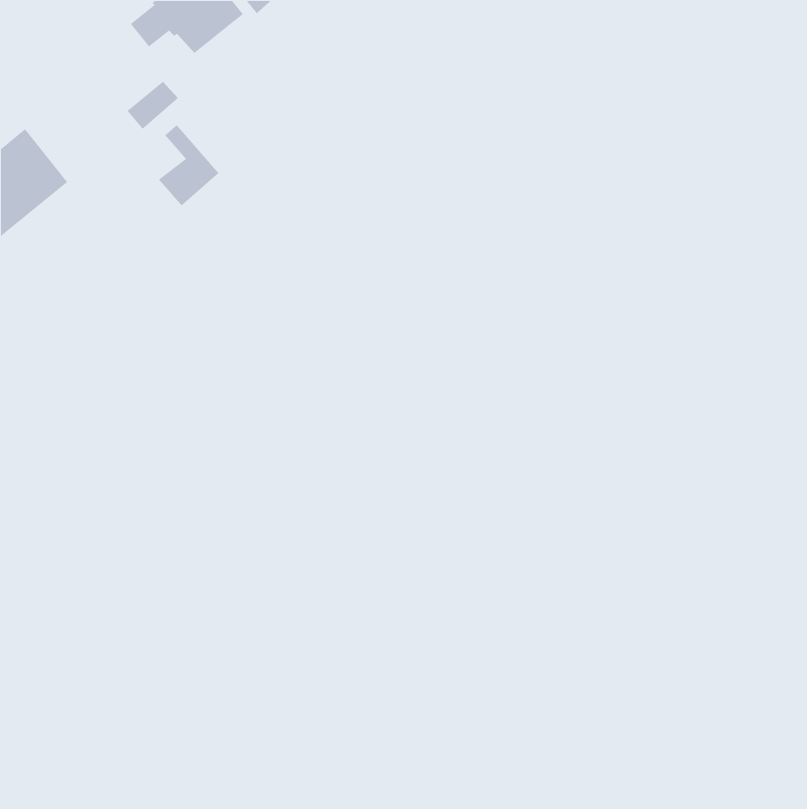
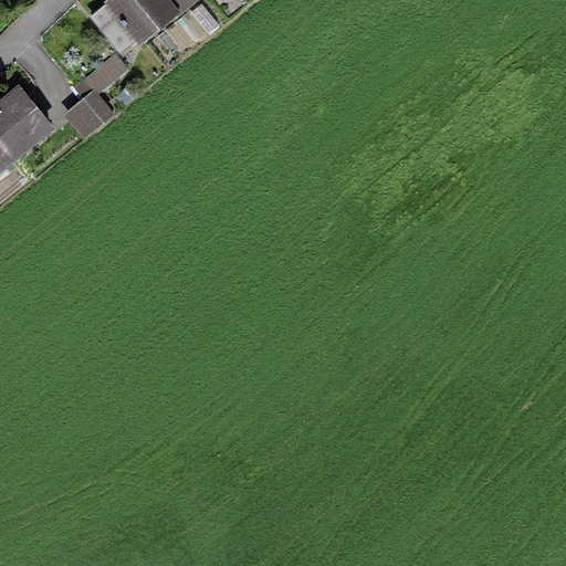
building: [158,124,220,206] -> [70,81,113,138]

